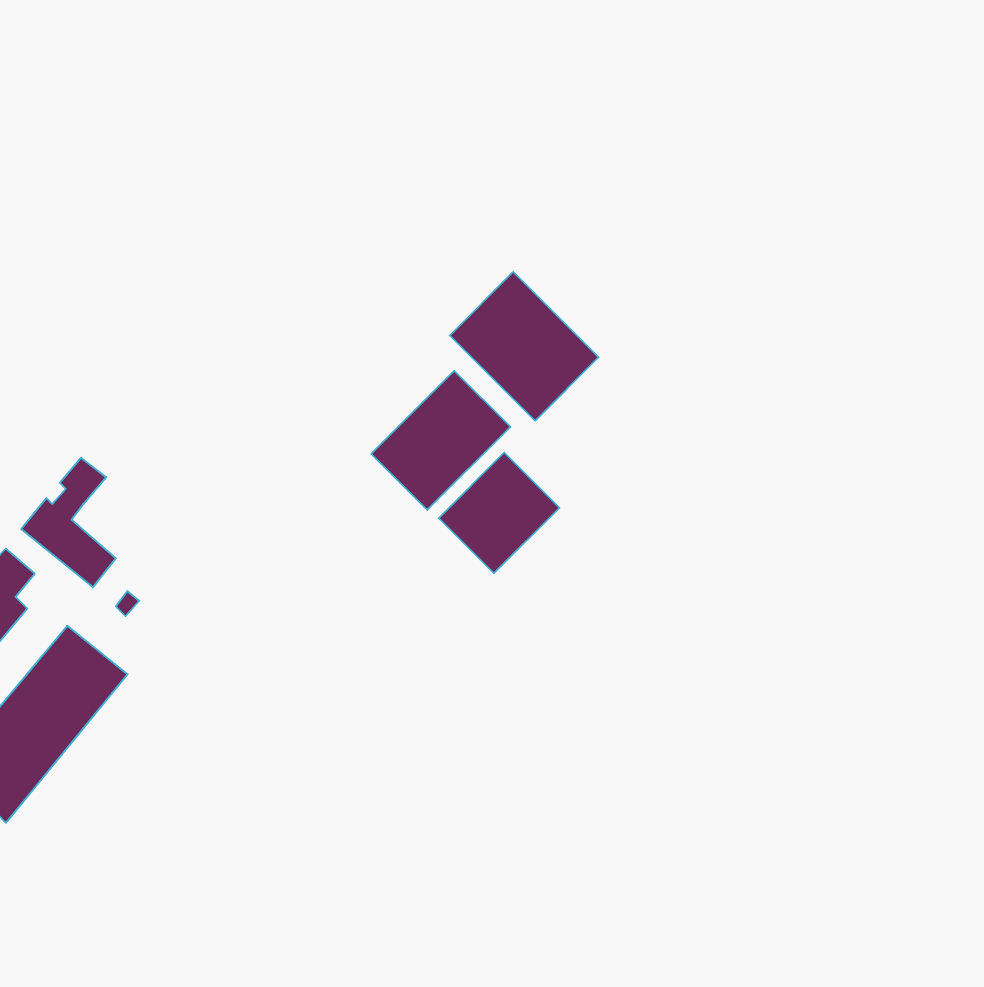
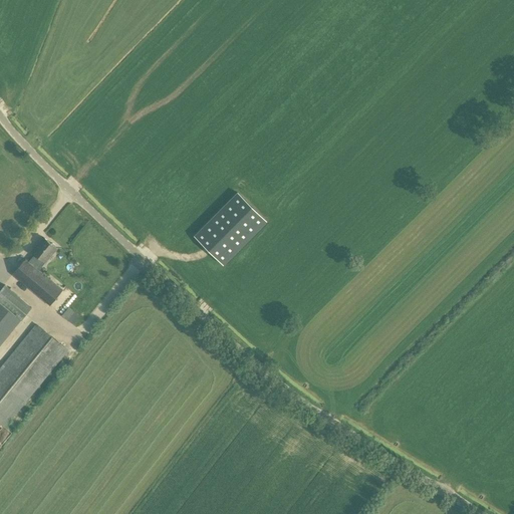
building: [450,272,599,421] -> none
building: [439,453,559,573] -> none

